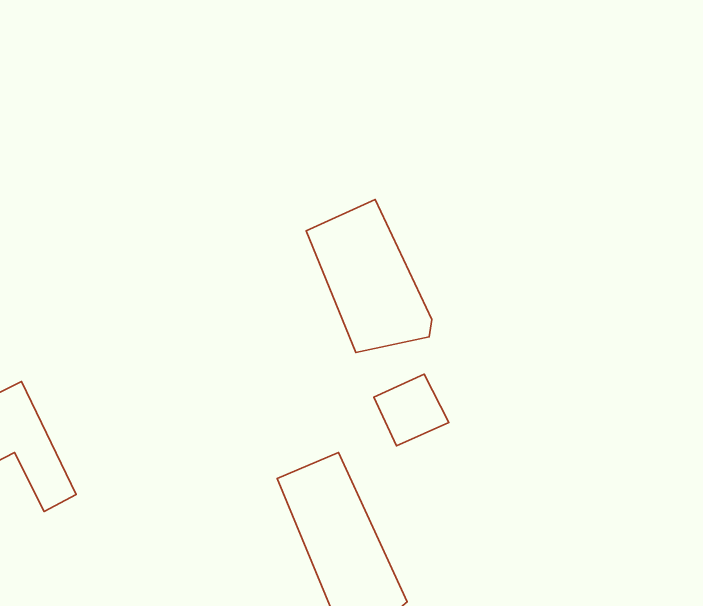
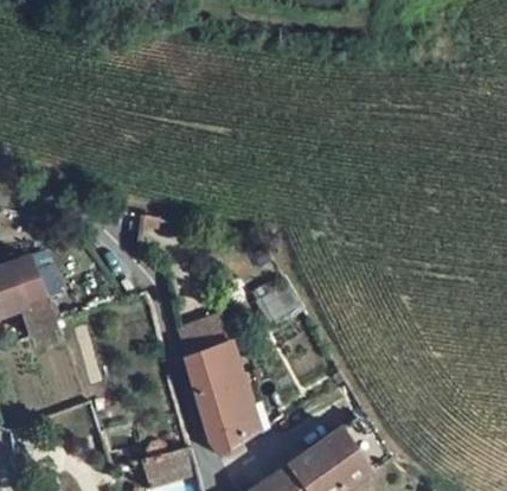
building: [306,200,432,352] -> none

